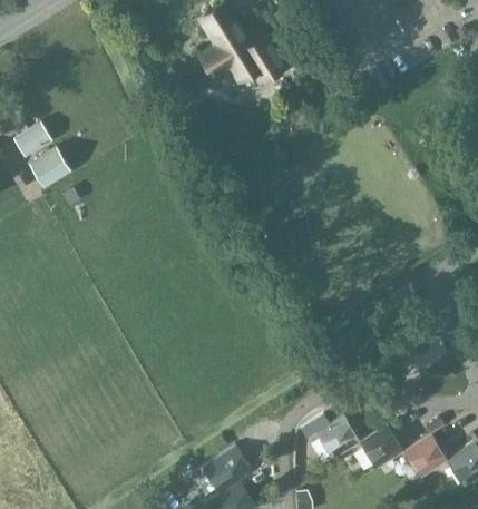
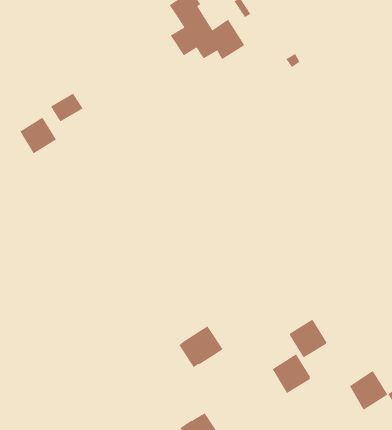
building: [13,123,51,156] -> [50,93,83,122]
building: [359,424,403,469] -> [288,319,328,358]
building: [202,446,253,493] -> [178,326,224,368]

